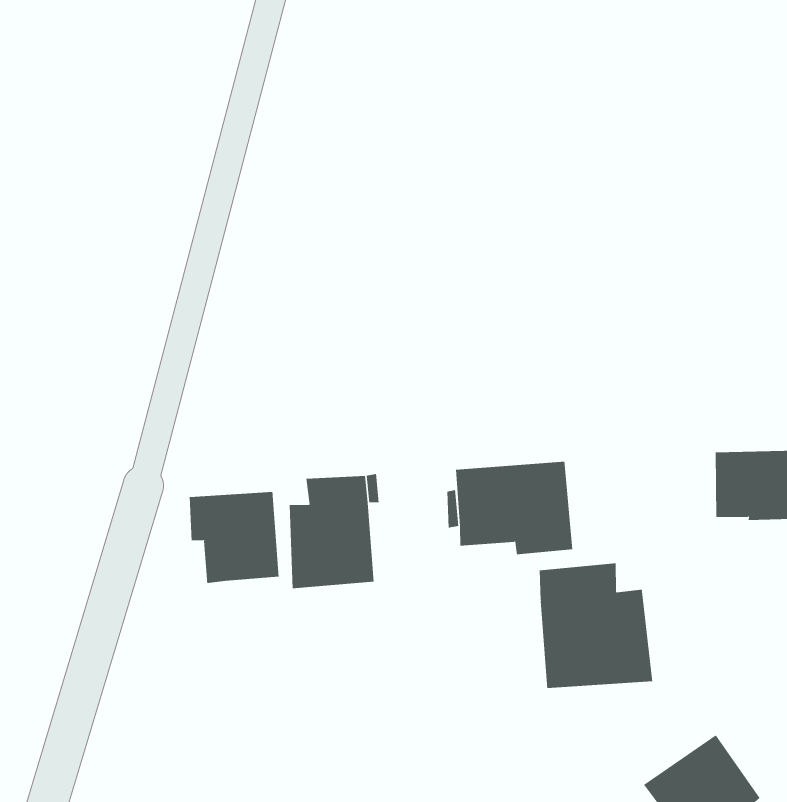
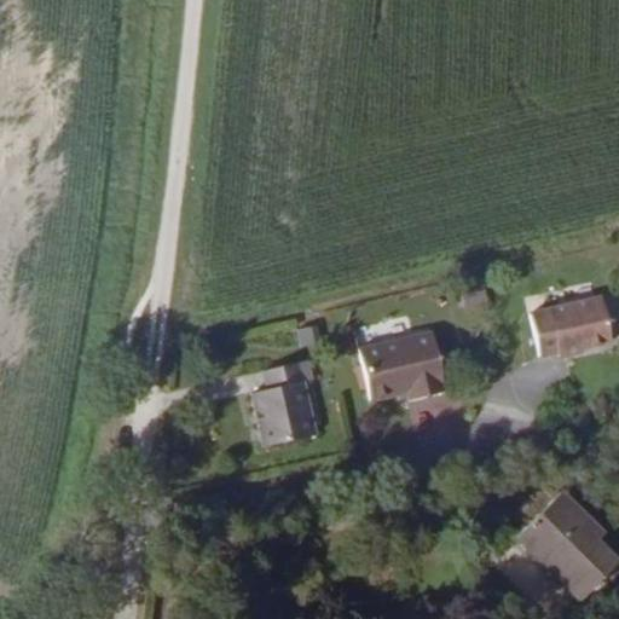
building: [189,491,279,584] -> none
building: [539,563,653,689] -> none

